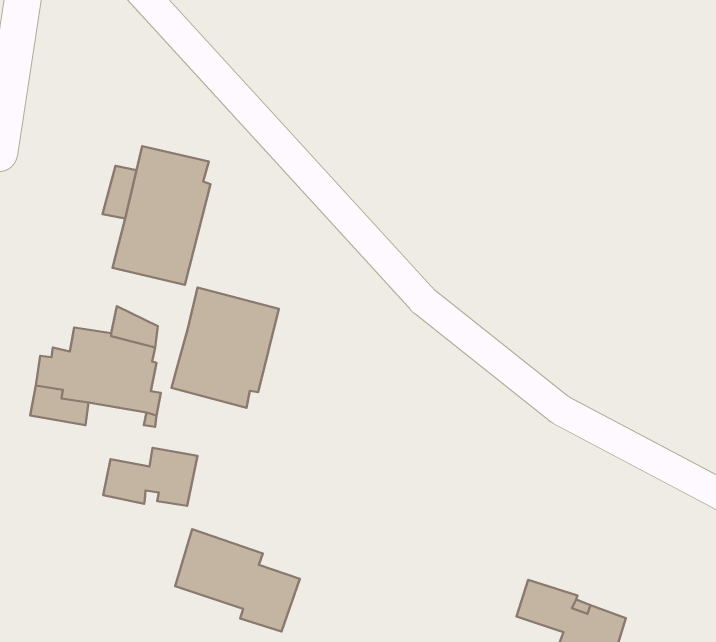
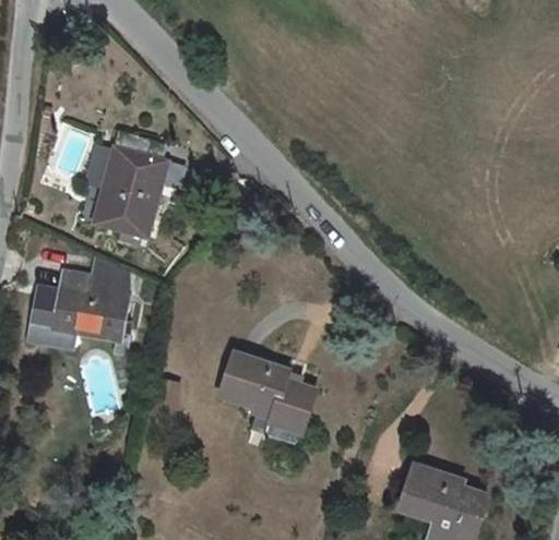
building: [172,287,279,408] -> none
building: [103,448,197,506] -> none
building: [175,529,300,631] -> [218,355,314,433]

